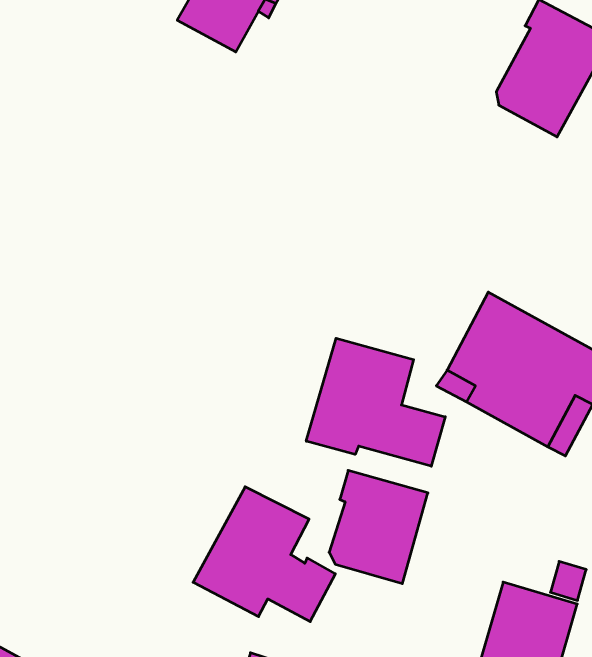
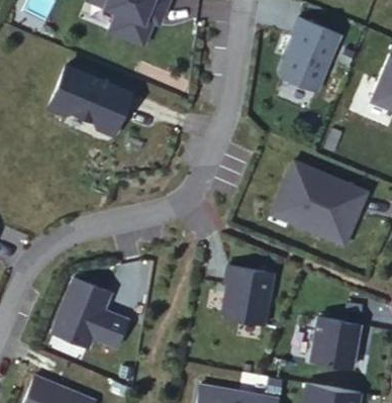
building: none -> [48,70,131,139]
building: [306,338,445,466] -> none
building: [193,487,335,622] -> [50,282,126,351]

